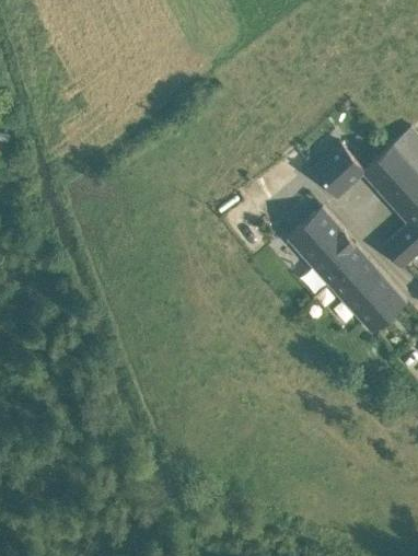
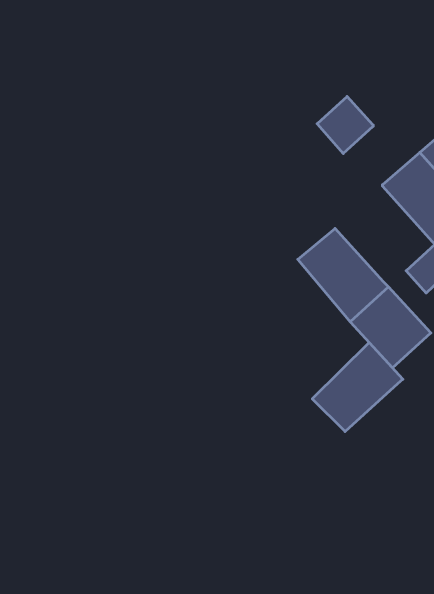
building: [315,147,364,197] -> [317,96,373,154]
building: none -> [312,343,403,432]

